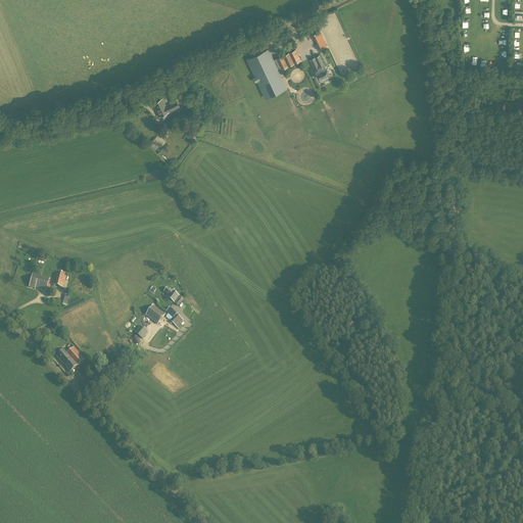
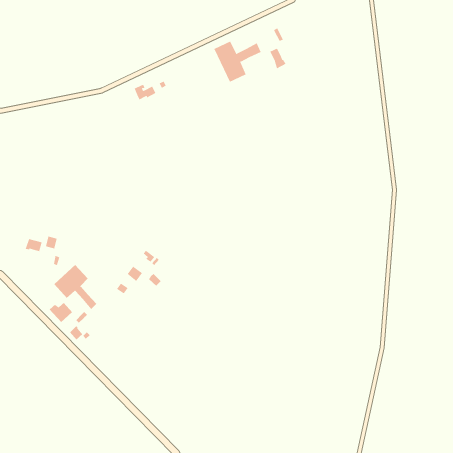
building: none -> [53,264,97,310]

